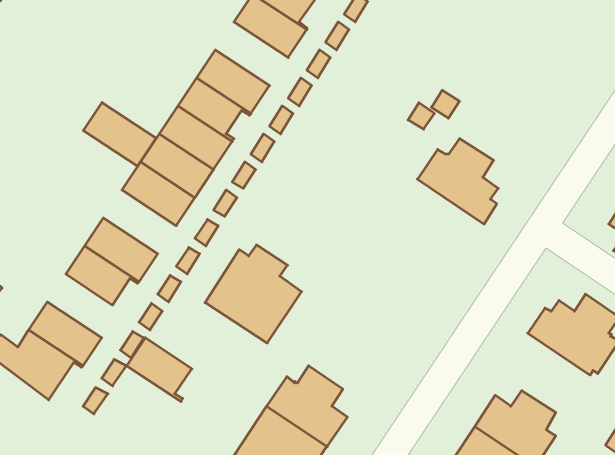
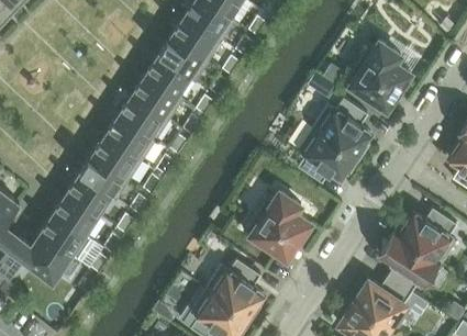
building: none -> [170,18,222,63]
building: none -> [343,43,411,111]
building: [83,102,156,166] -> [91,136,143,181]
building: none -> [298,128,360,184]
building: [205,245,302,343] -> [243,192,311,261]
building: none -> [379,237,435,293]
building: [127,338,192,402] -> [52,195,98,240]

